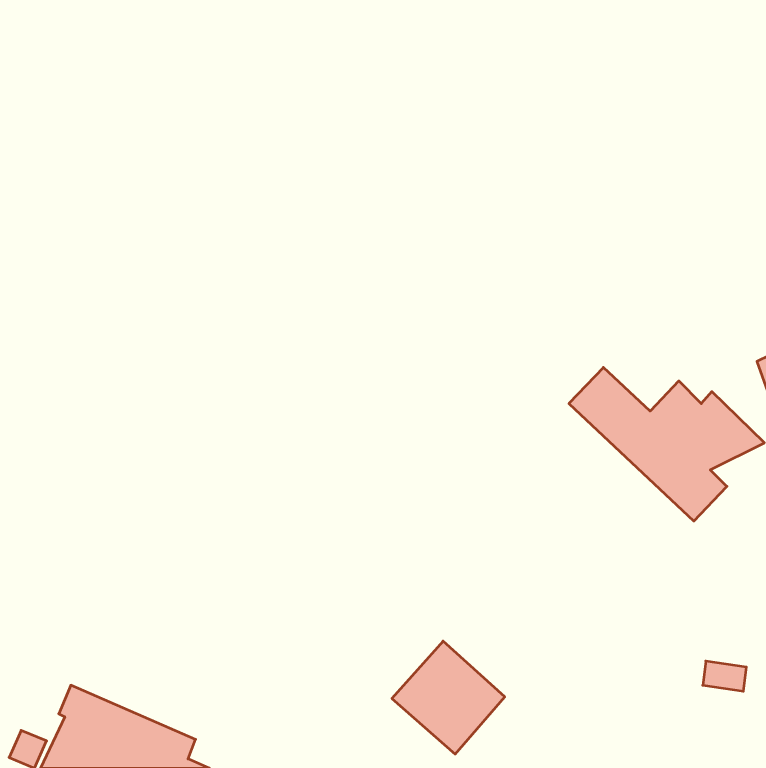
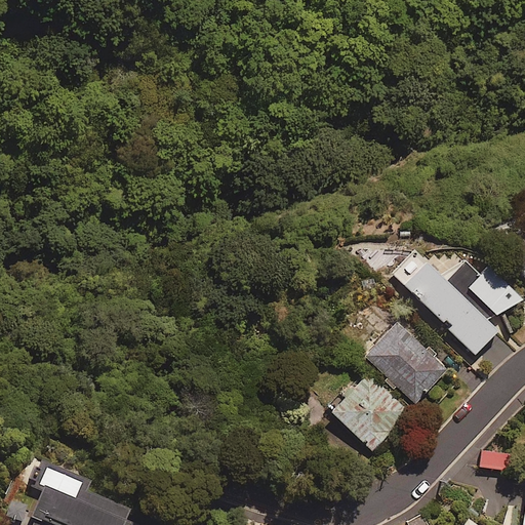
building: none -> [364,324,446,404]
building: [392,641,505,754] -> [330,373,407,450]

